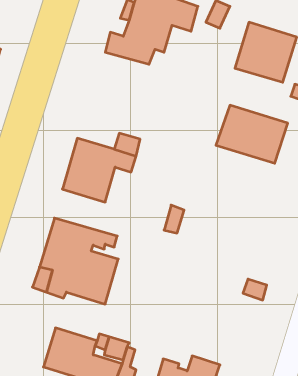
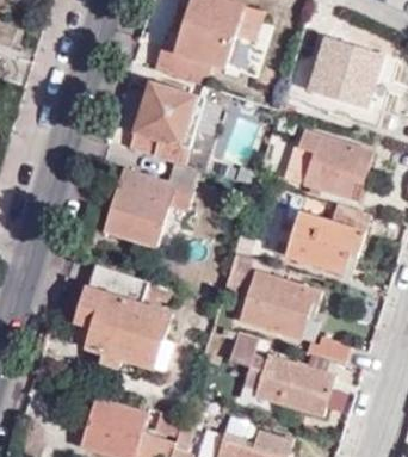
building: none -> [126,82,196,163]
building: none -> [284,204,369,272]
building: none -> [237,270,320,335]
building: none -> [227,331,332,414]

